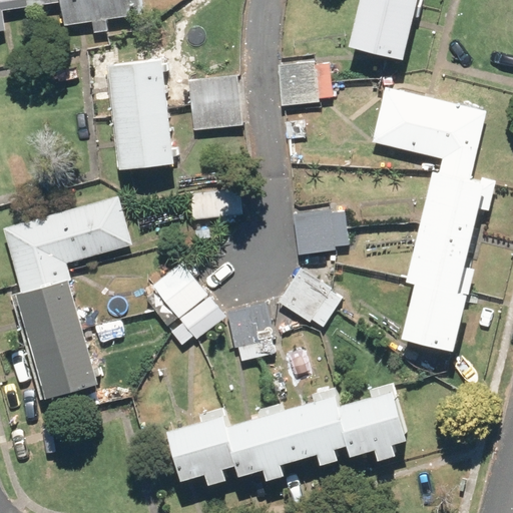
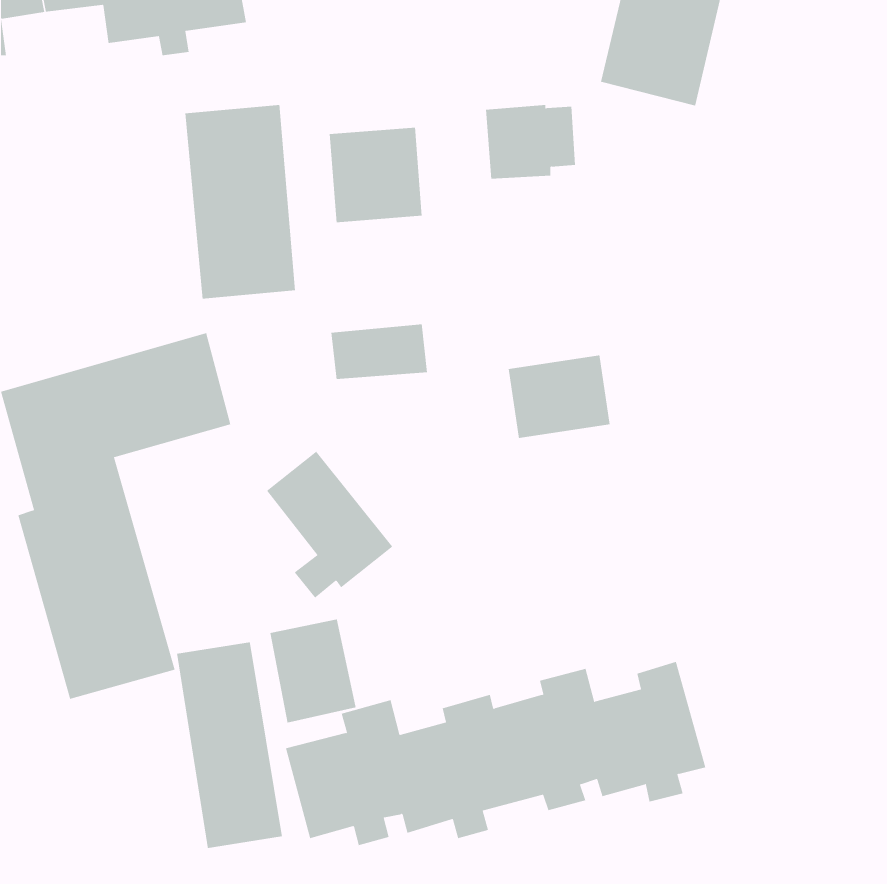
building: [372,86,496,352] -> none
building: [279,265,346,329] -> none
building: [228,302,279,362] -> [270,619,356,723]
building: none -> [176,641,283,849]

